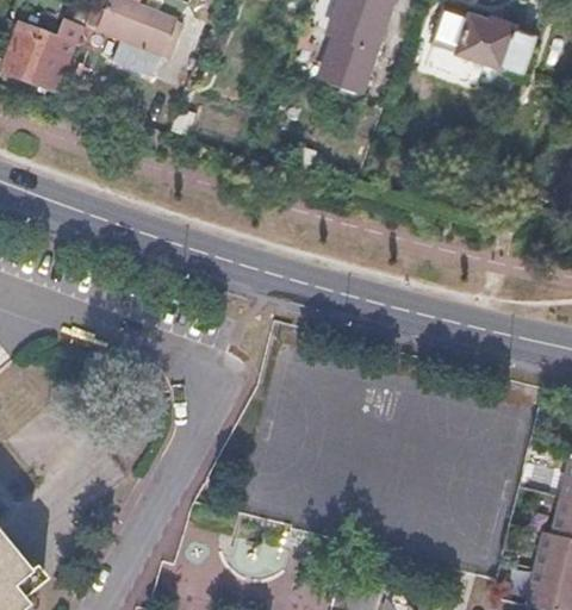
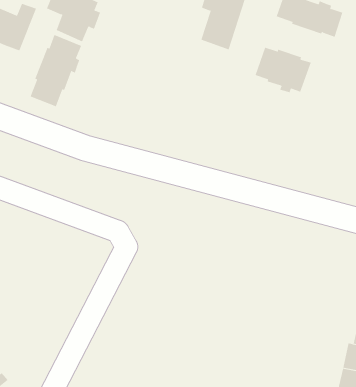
building: none -> [30,34,82,107]
building: none -> [255,47,311,93]

